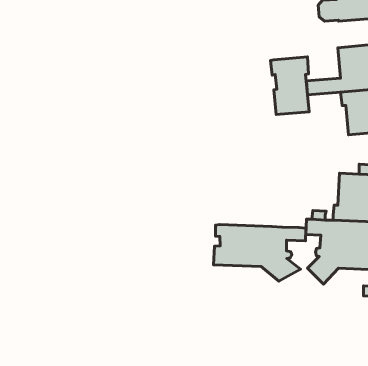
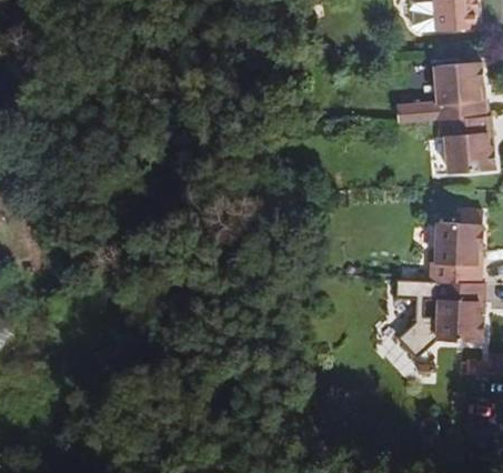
building: [271,57,309,115] -> none
building: [214,225,306,281] -> none

